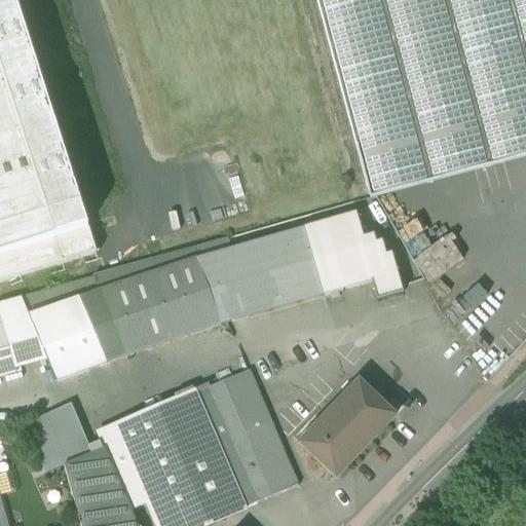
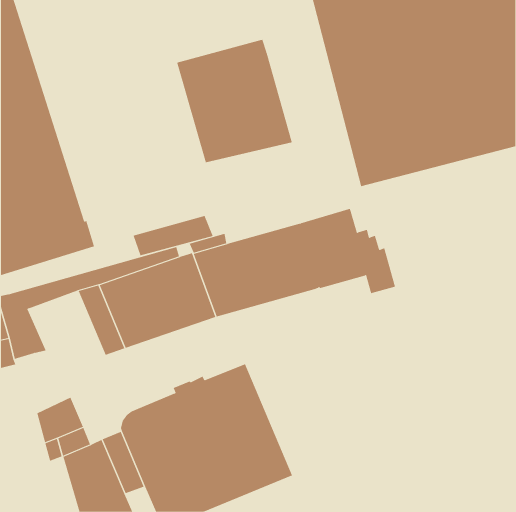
building: none -> [176,38,293,163]
building: none -> [133,215,213,256]
building: [29,296,107,379] -> none
building: [300,381,394,477] -> none

